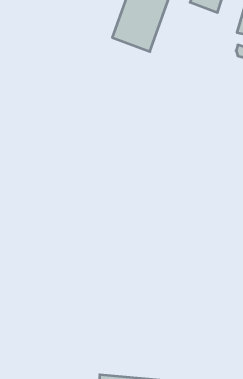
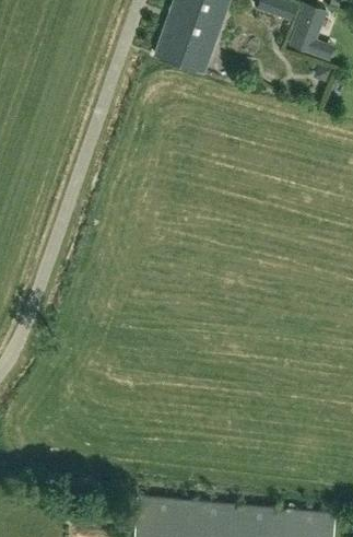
building: none -> [290,12,321,51]

